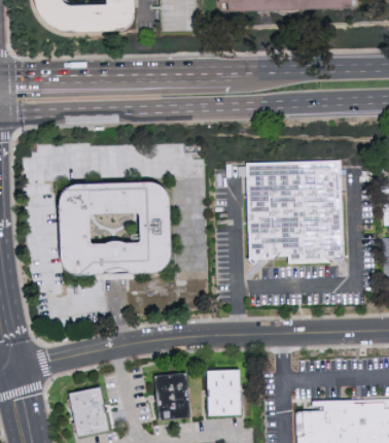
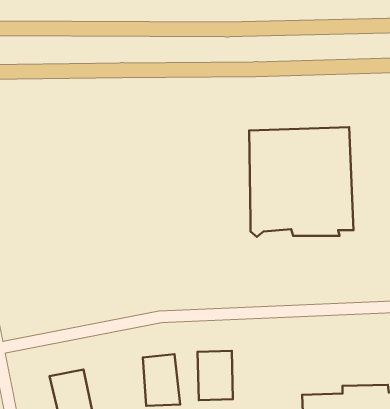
building: [60,182,173,275] -> none

